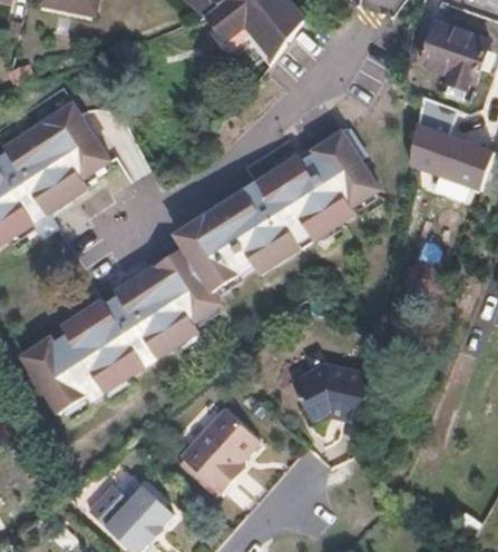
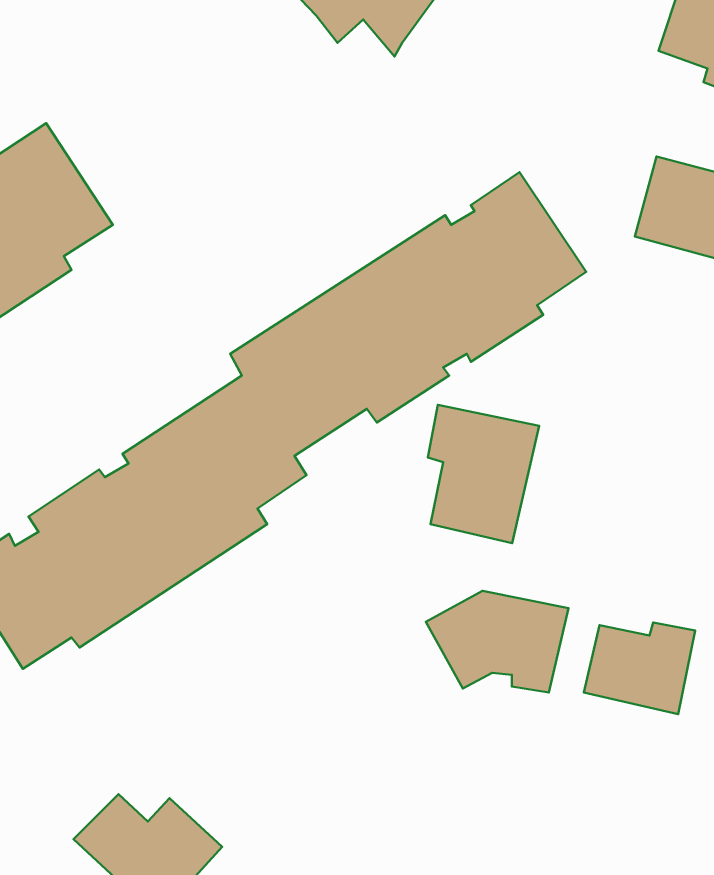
building: none -> [428,405,539,543]
building: none -> [584,623,695,714]
building: [180,411,260,493] -> none

